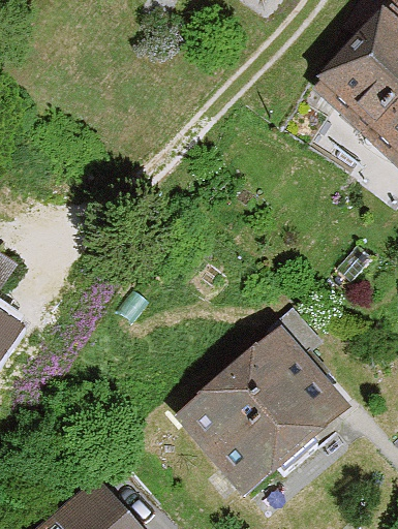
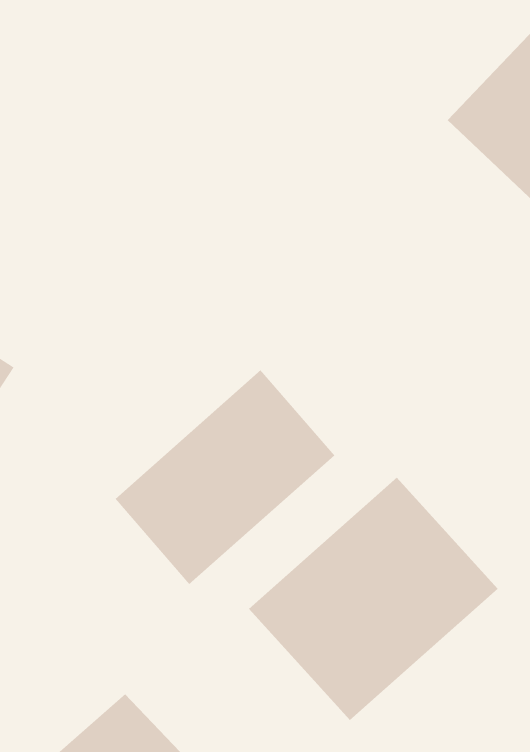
building: none -> [115,369,335,585]

